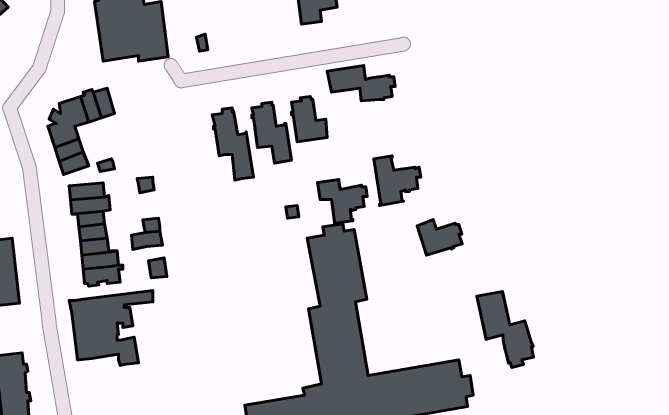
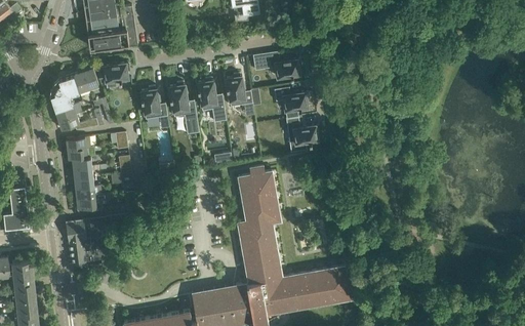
building: none -> [104,64,130,89]
building: none -> [142,87,168,120]
building: [317,180,367,224] -> [274,88,310,120]
building: [417,220,462,255] -> none
building: [477,292,534,367] -> none

